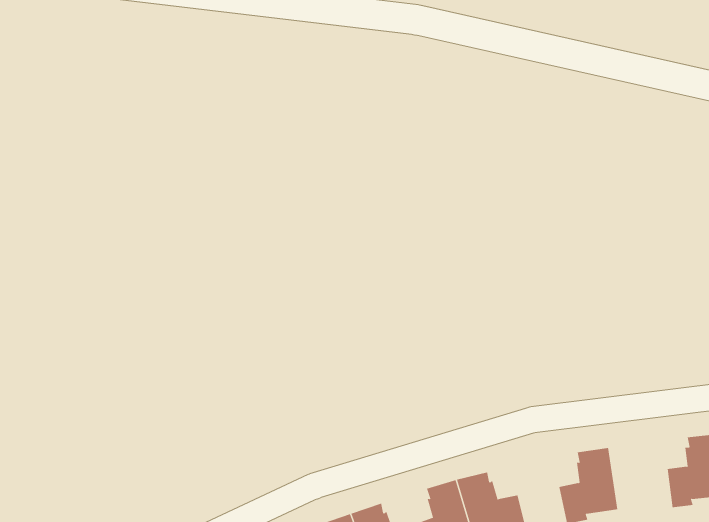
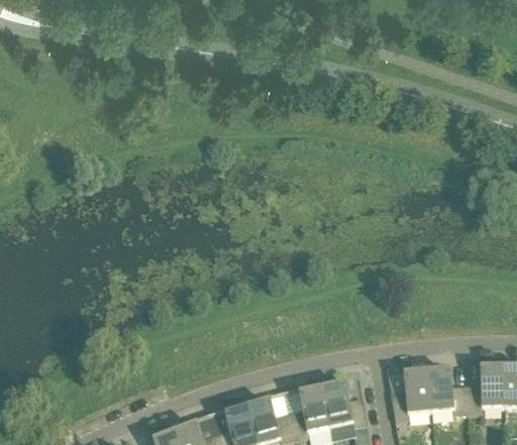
building: none -> [427,365,469,413]

